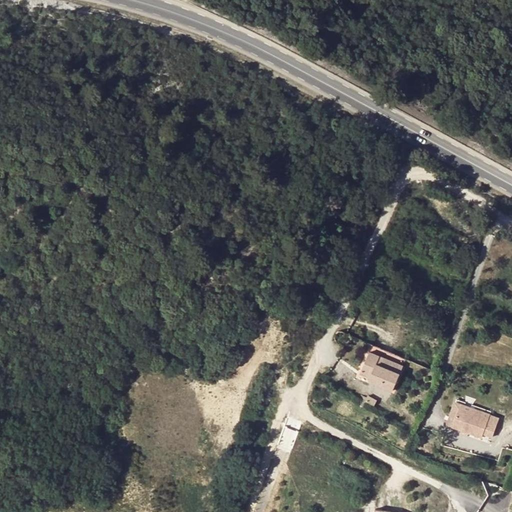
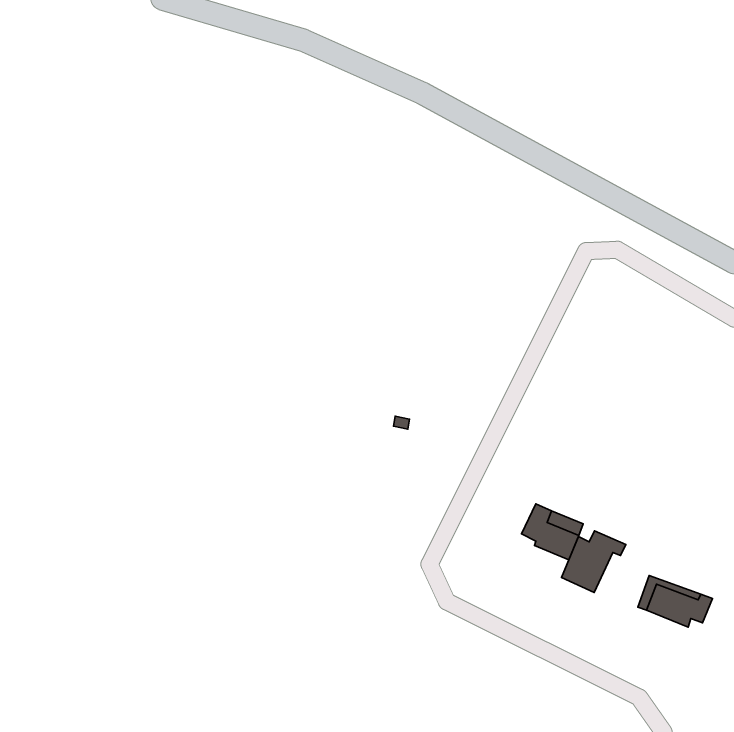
building: none -> [561,531,626,592]

